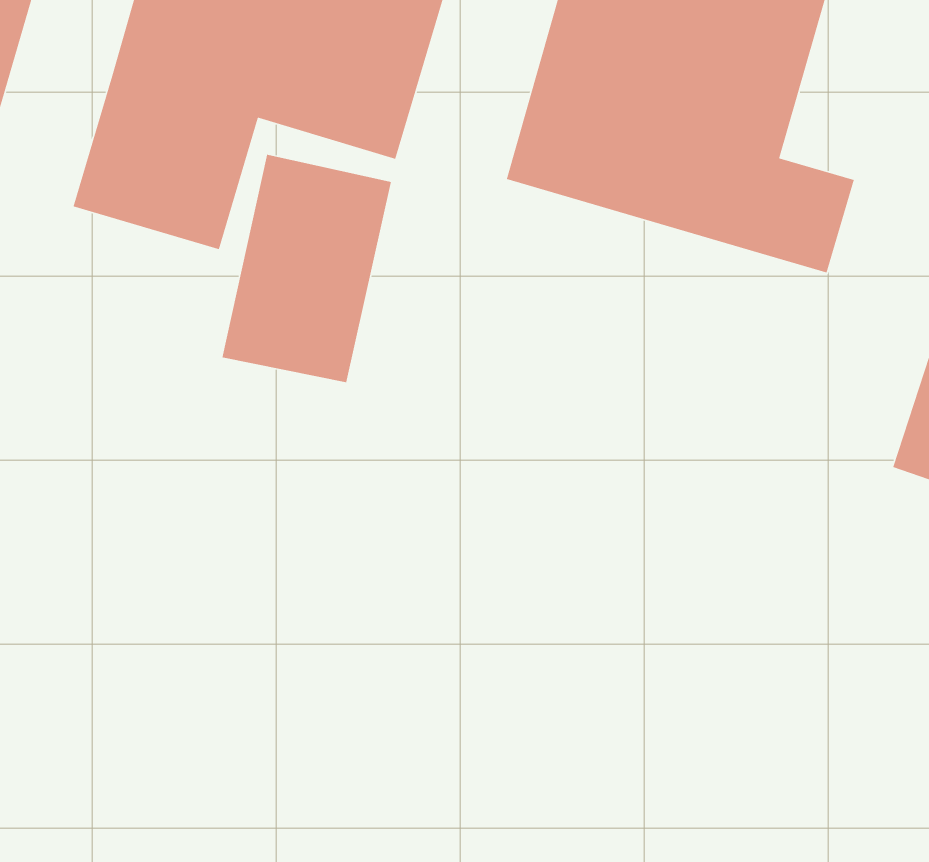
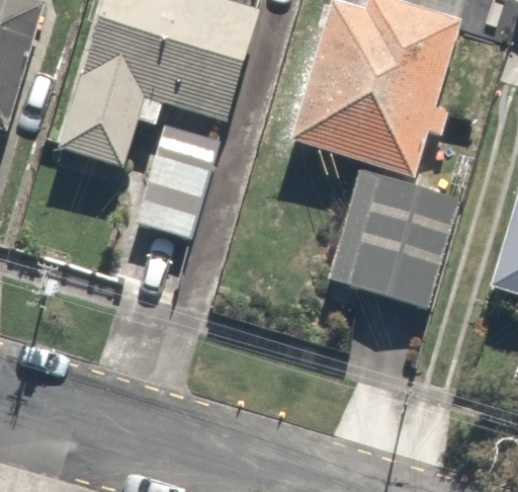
building: none -> [325,164,467,308]

